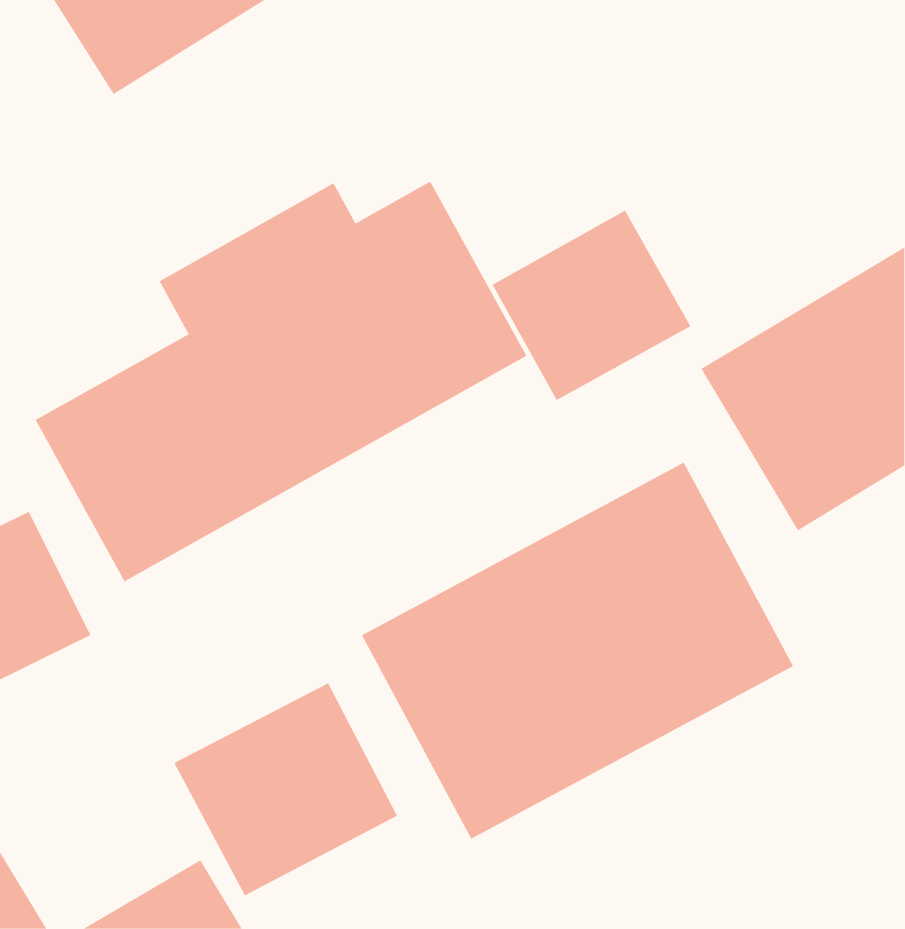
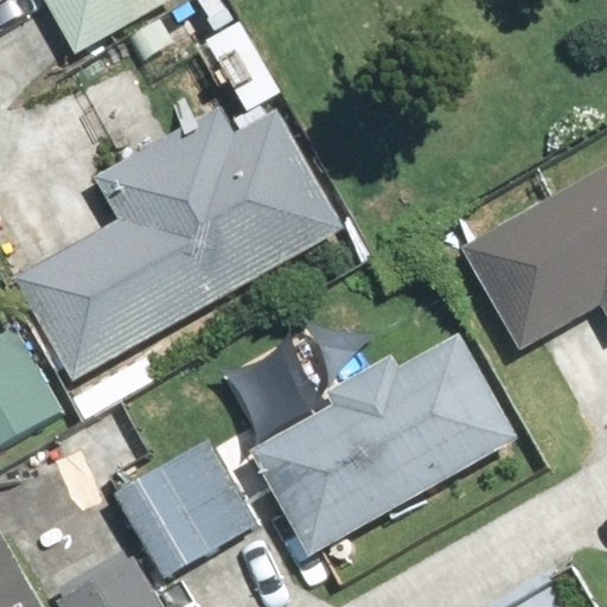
building: [492,210,691,401] -> none

